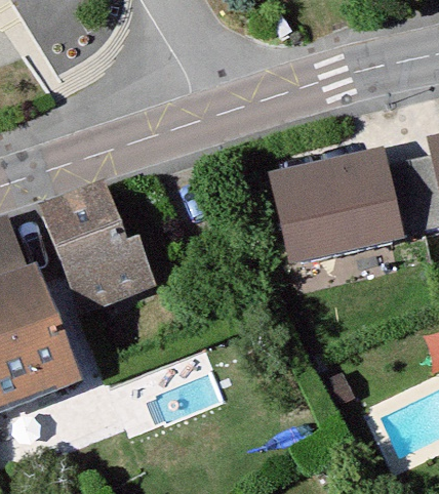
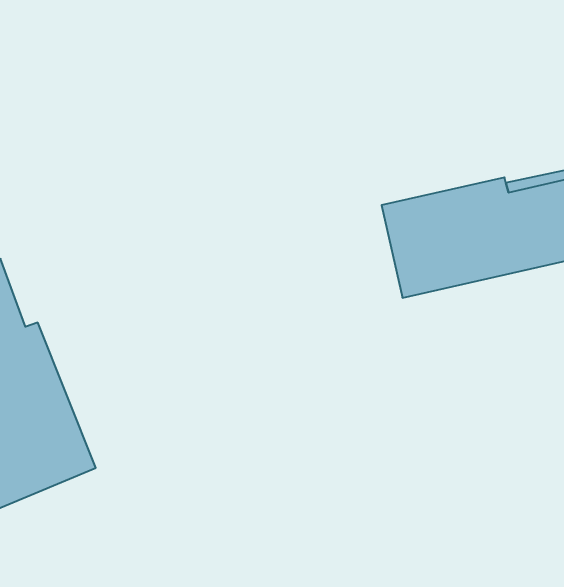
building: [45,190,155,308] -> none

